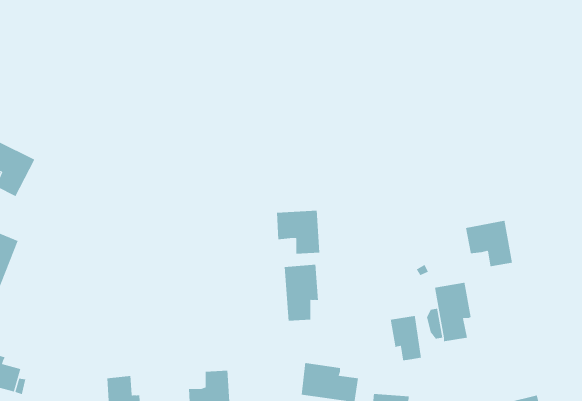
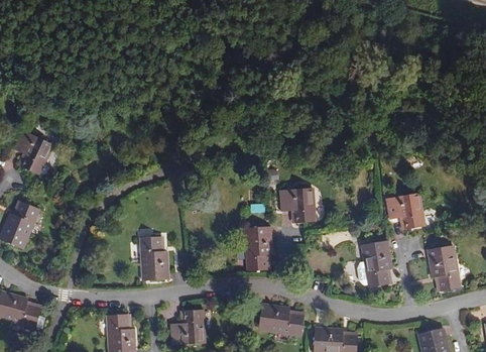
building: [276,210,320,254] -> [280,188,315,222]
building: none -> [141,236,168,279]
building: none -> [428,245,460,290]
building: [390,315,422,361] -> none

